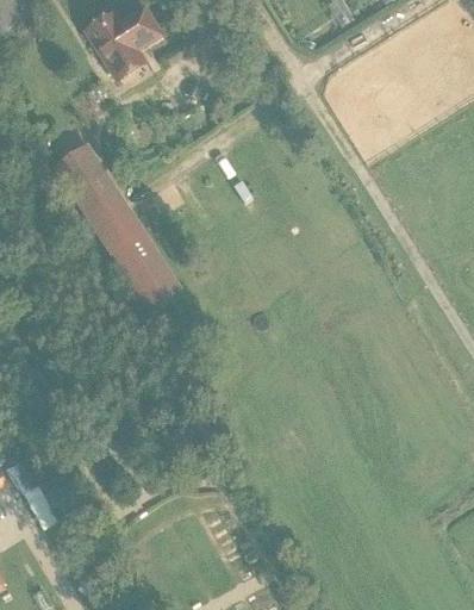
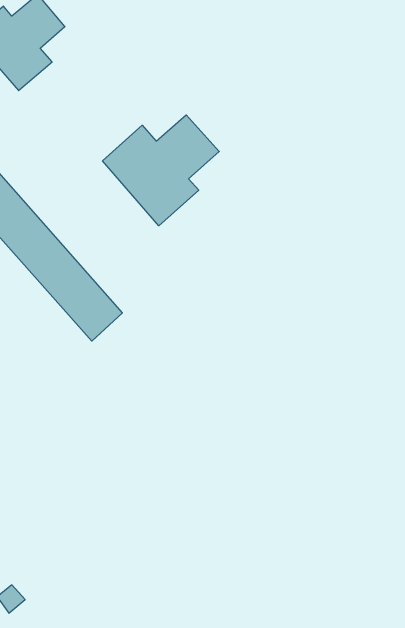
building: none -> [103,115,219,226]

